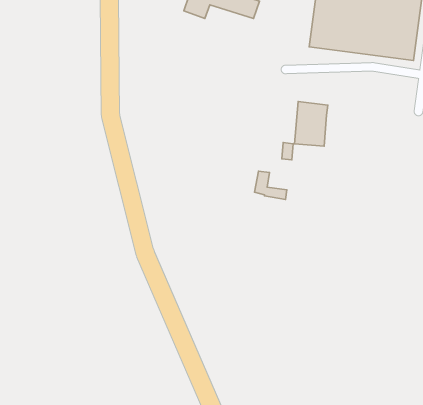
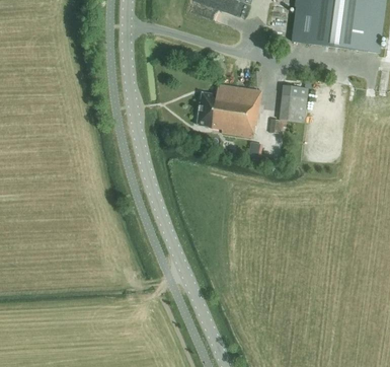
building: none -> [197,83,261,136]

